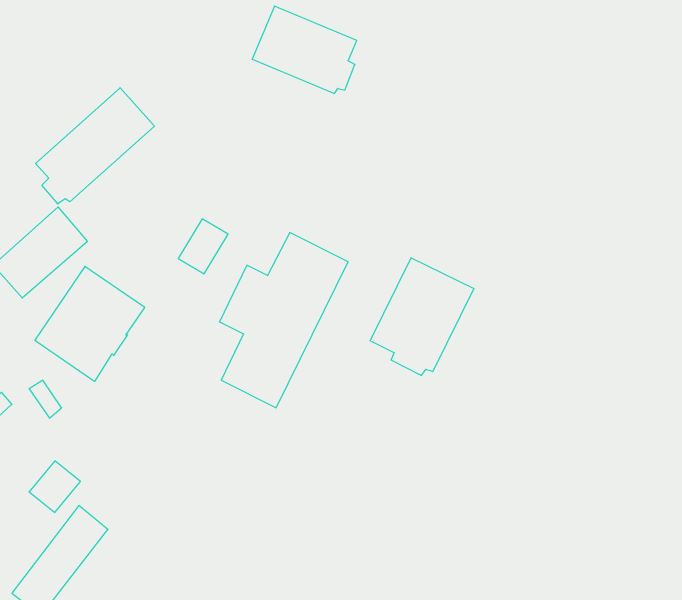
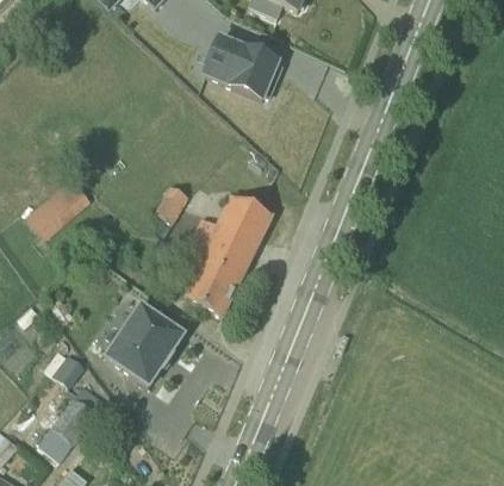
building: [36,88,154,204] -> none
building: [370,258,474,375] -> none
building: [35,266,145,381] -> [106,304,182,384]

